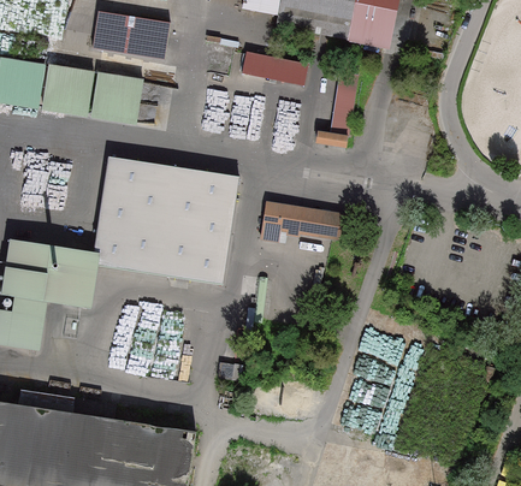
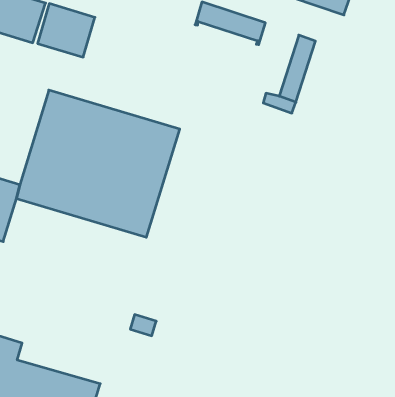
building: [260,202,343,241] -> none

